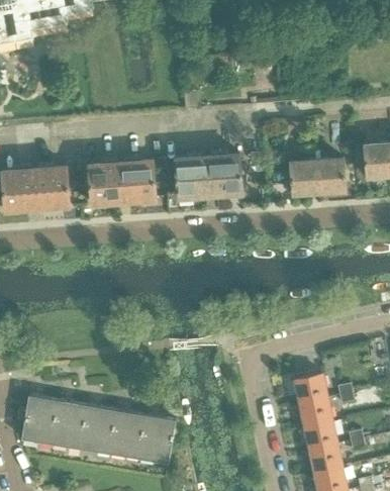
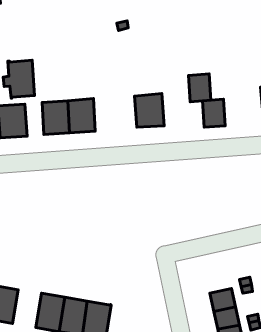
building: none -> [3,60,35,98]
building: [175,156,207,198] -> none
building: [316,158,345,193] -> [188,74,211,102]
building: [294,375,326,404] -> none
building: [51,400,87,448] -> none

